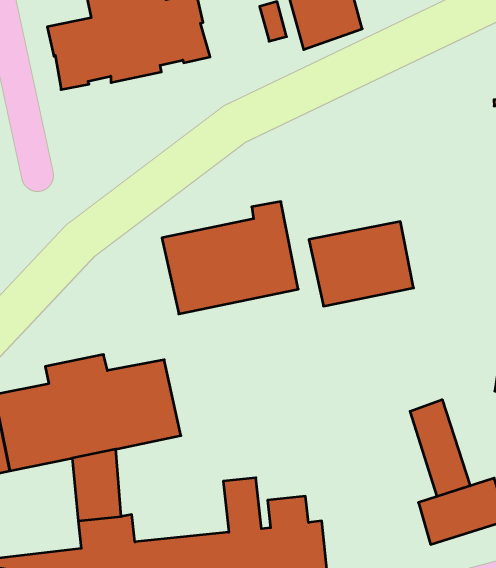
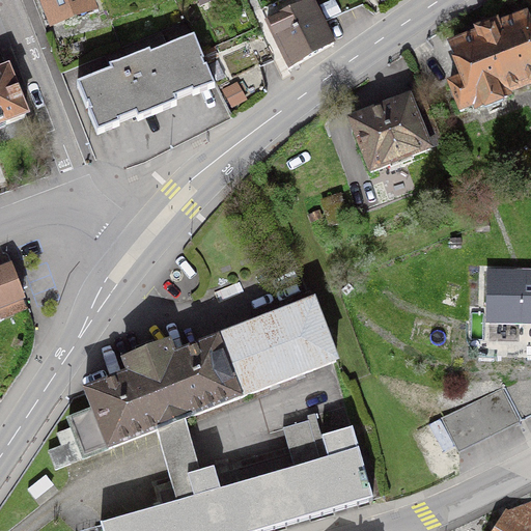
building: [162,202,298,314] -> [217,290,334,395]
building: [309,222,414,306] -> [350,91,441,170]
building: [410,400,470,496] -> none

